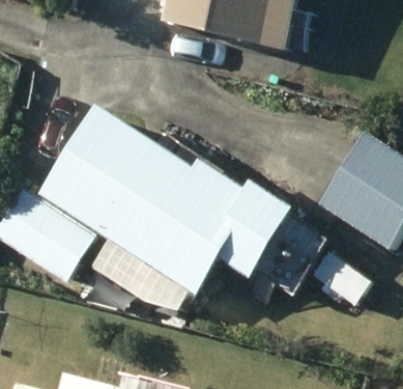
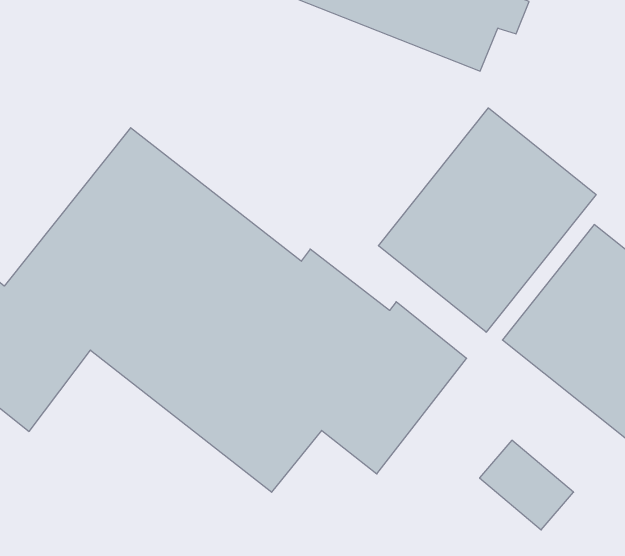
building: none -> [378,108,596,332]

